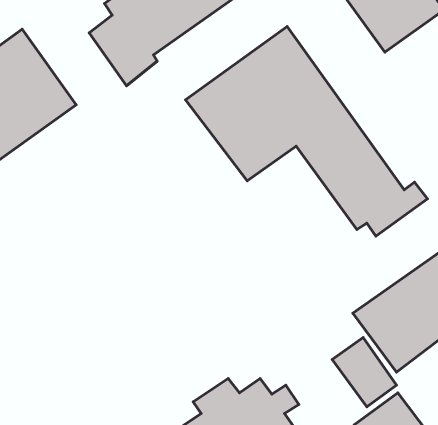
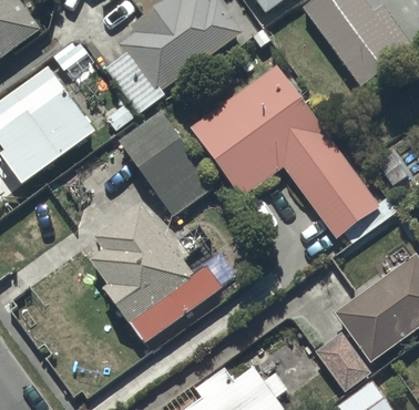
building: none -> [119,113,212,216]
building: none -> [90,203,222,344]

